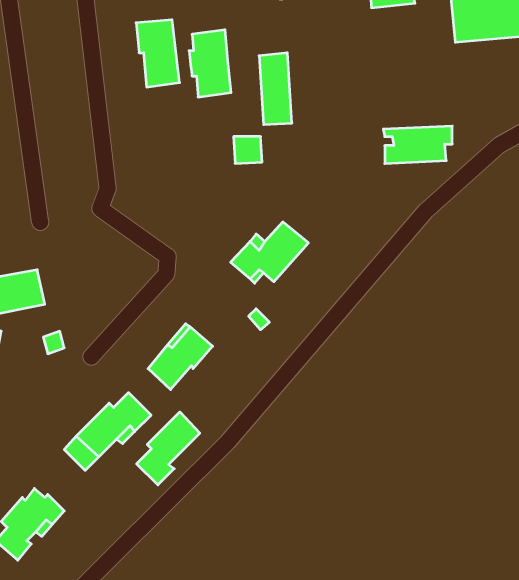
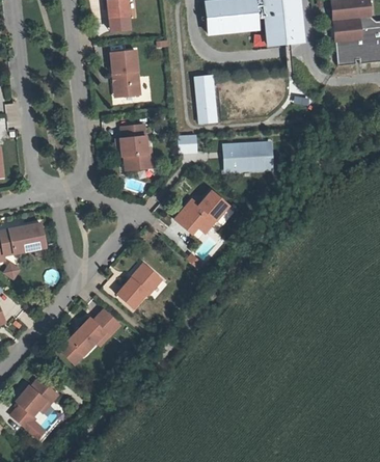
building: [189,30,231,97] -> [120,124,150,170]
building: [383,126,452,164] -> [223,142,271,168]
building: [137,412,200,485] -> none

